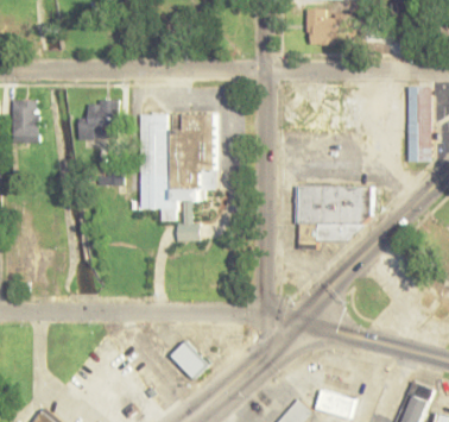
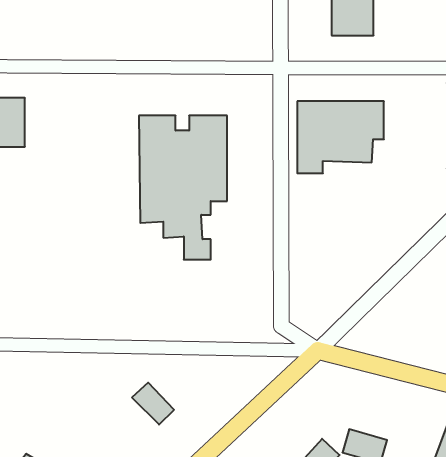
building: [77,100,119,140] -> none
building: [296,187,372,250] -> [297,101,384,173]
building: [171,342,208,379] -> [132,383,174,425]

